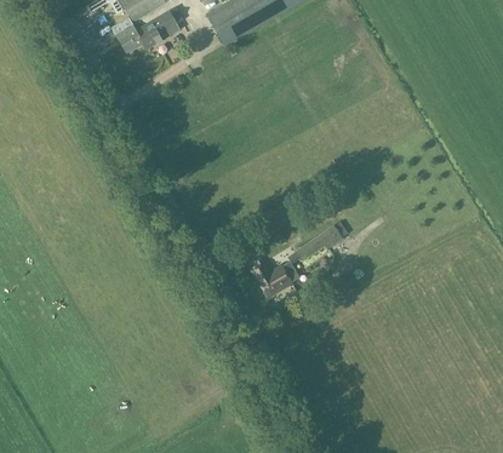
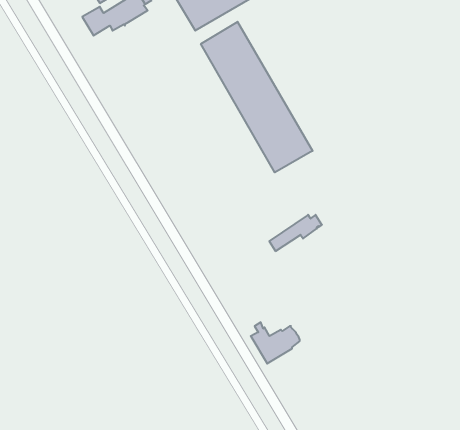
building: none -> [201,22,313,172]
building: [251,258,298,298] -> [251,322,300,364]

